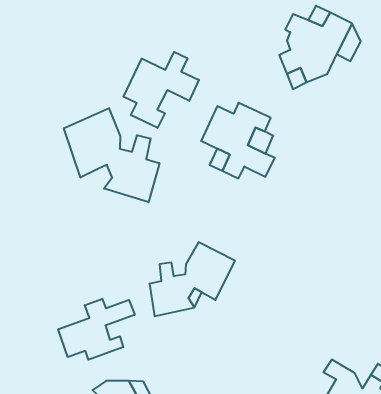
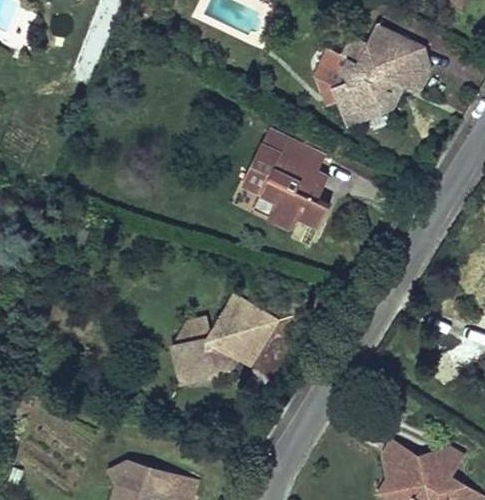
building: [123,52,199,128] -> none
building: [64,108,159,202] -> none
building: [58,299,135,360] -> none

